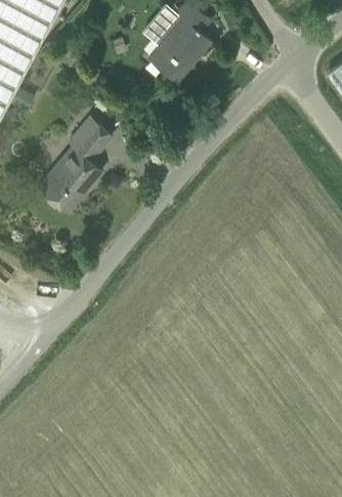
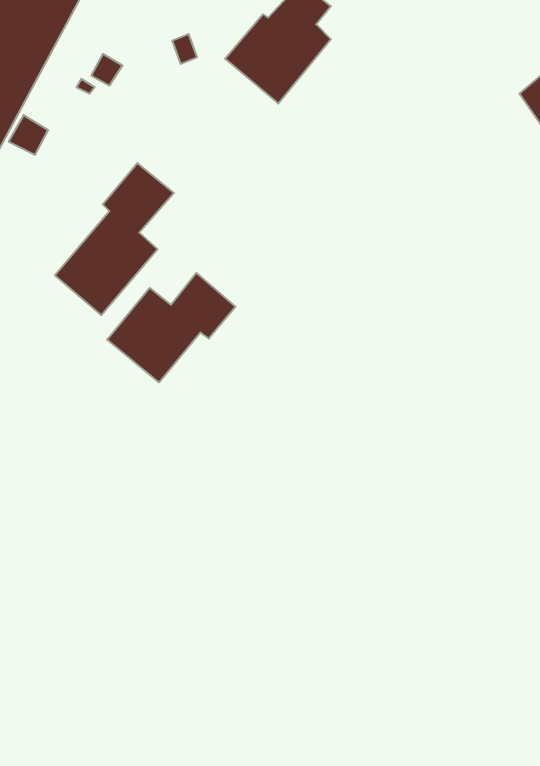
building: none -> [107,273,236,382]

